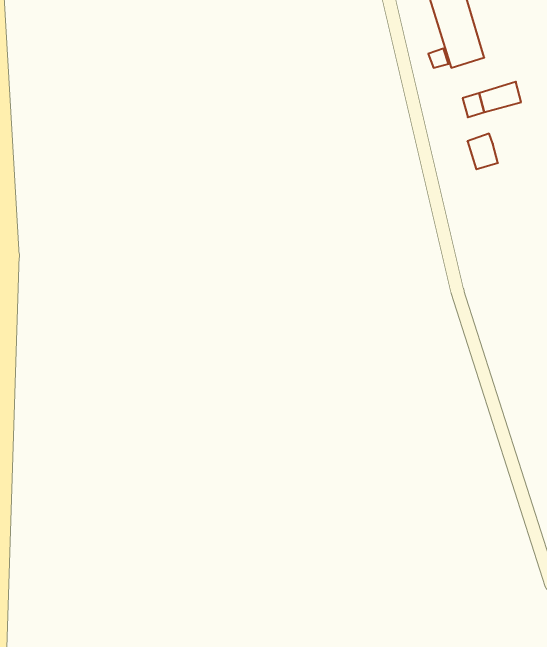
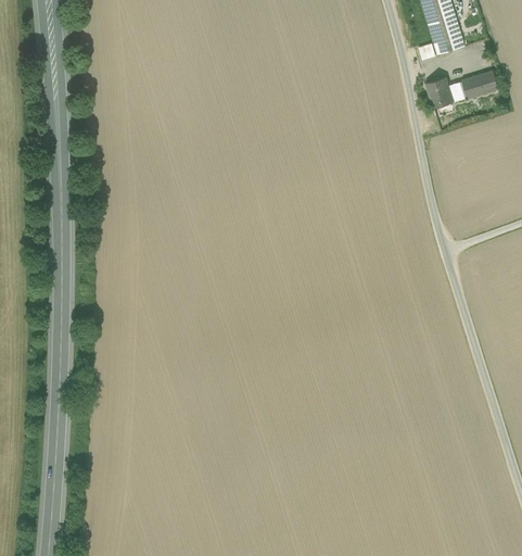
building: [467,134,498,169] -> [425,76,451,106]

